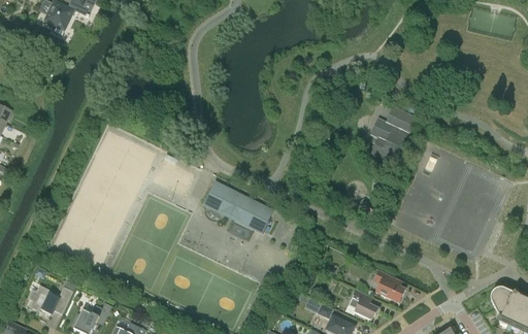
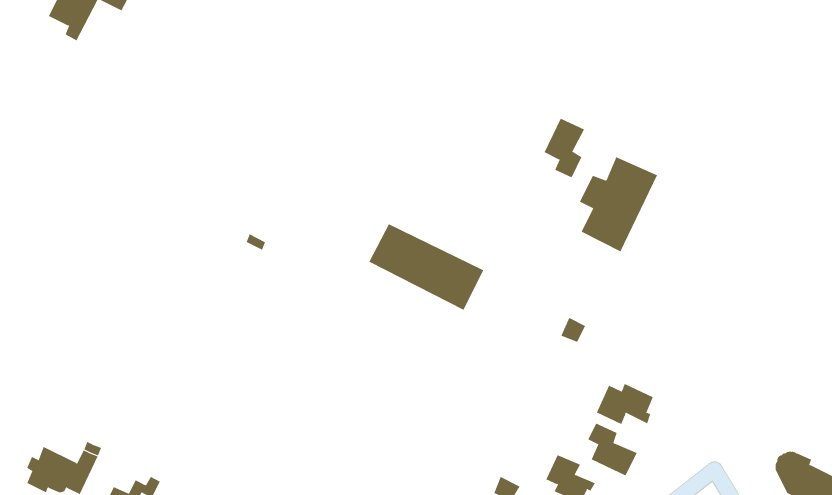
building: none -> [544,118,585,178]
building: [202,180,273,234] -> [368,223,484,310]
building: none -> [596,383,653,425]

